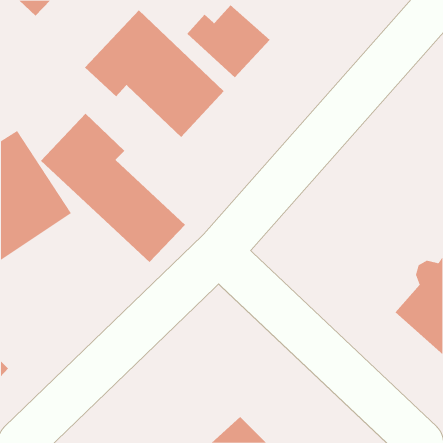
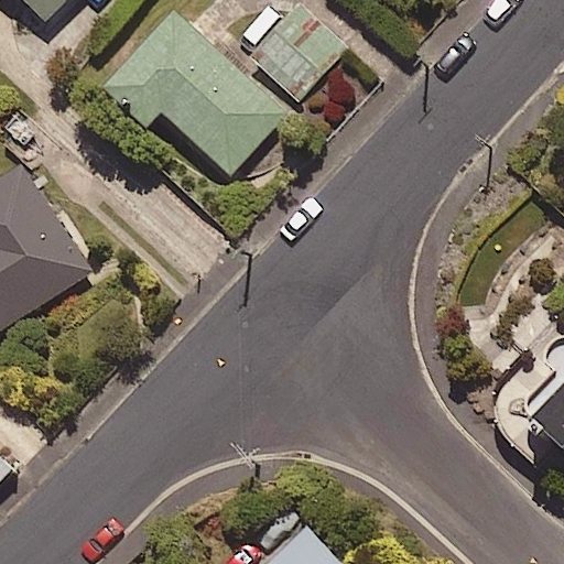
building: [40,113,186,263] -> none

